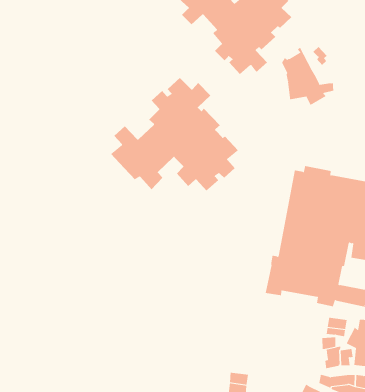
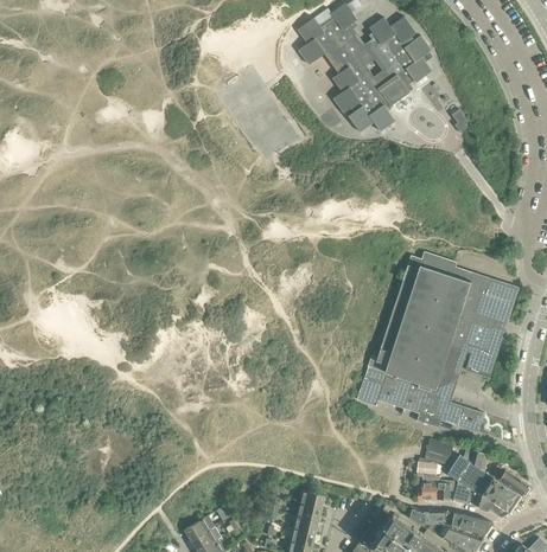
building: [282,47,334,106] -> none
building: [110,77,239,192] -> none

